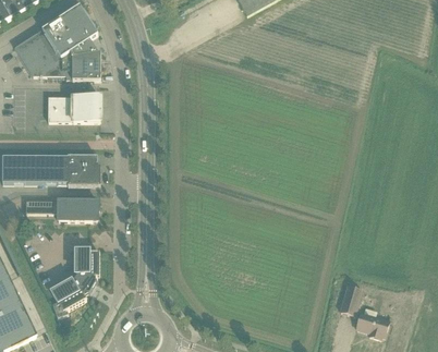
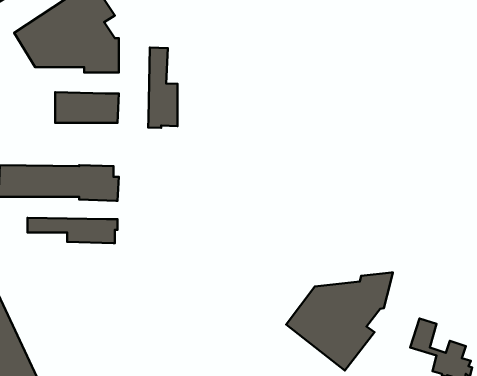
building: none -> [148,48,178,128]
building: none -> [286,272,393,370]
building: [50,248,98,316] -> none

